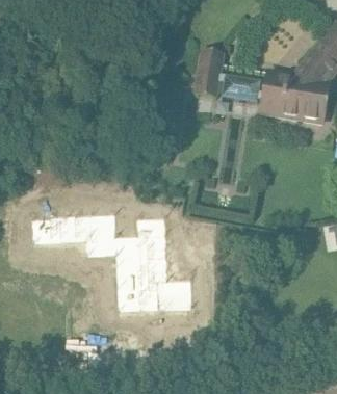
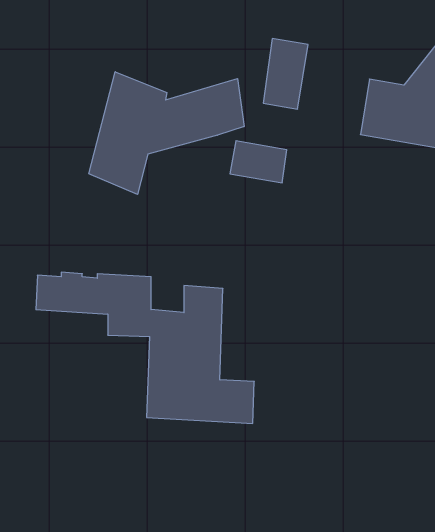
building: none -> [89,72,244,194]
building: [222,72,261,101] -> [230,141,287,183]

